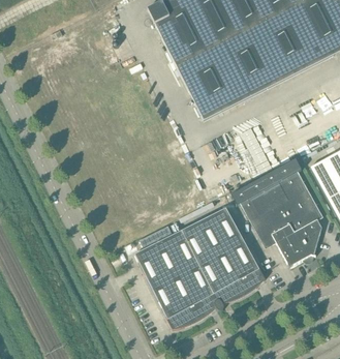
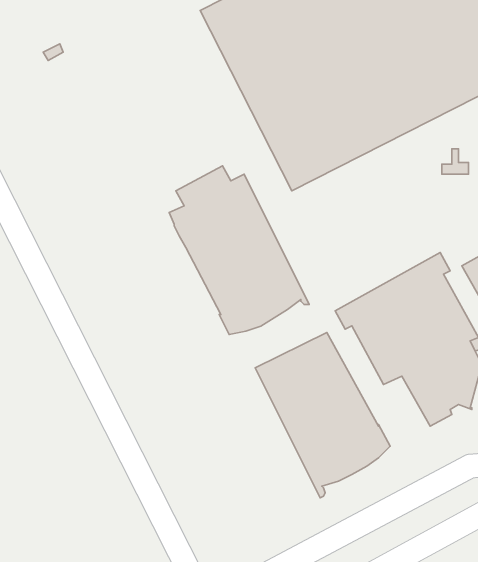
building: [134,225,221,329] -> [169,166,309,334]

